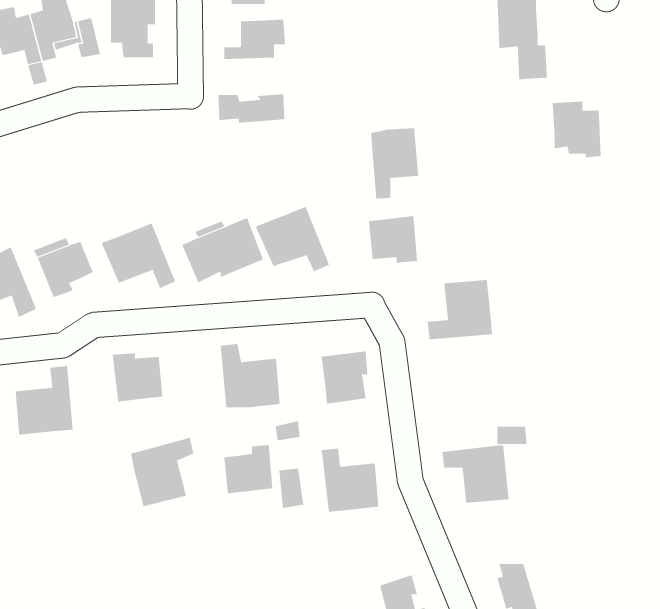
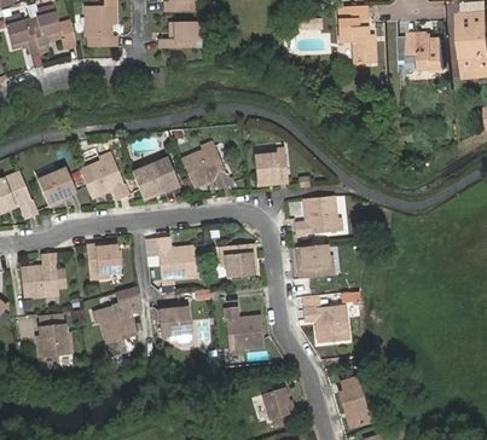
building: [218,93,285,124] -> none
building: [552,101,601,158] -> [407,33,440,70]
building: [370,127,419,199] -> none
building: none -> [298,243,330,278]
building: none -> [39,324,69,357]

